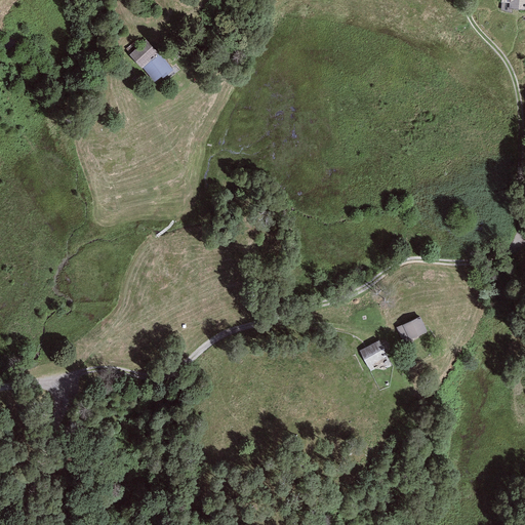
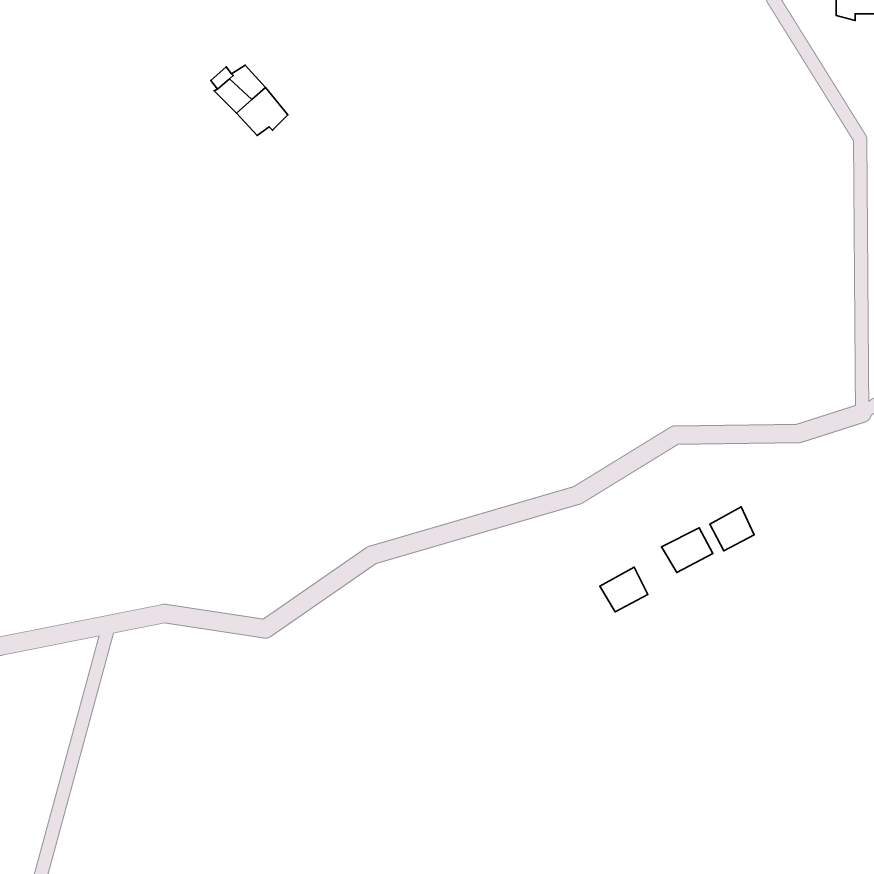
building: none -> [710,507,754,551]

